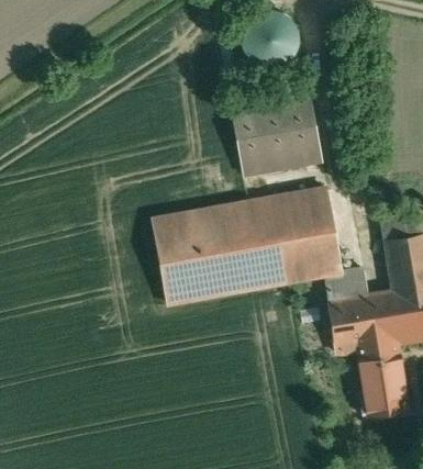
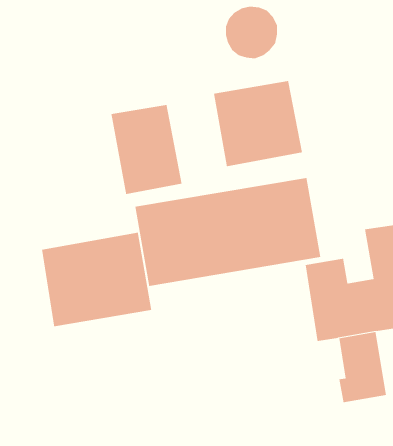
building: none -> [111,104,182,195]
building: none -> [42,232,152,327]

